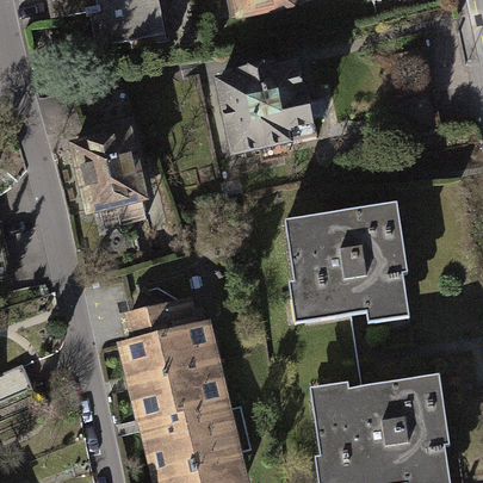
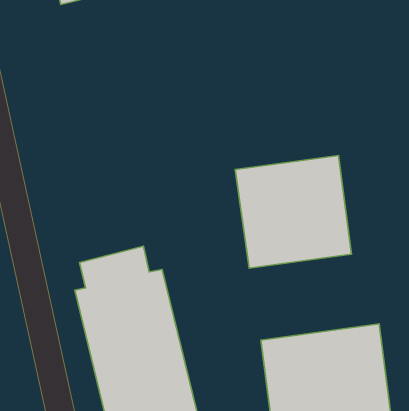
building: [221,66,318,160] -> none
building: [70,125,150,210] -> none

